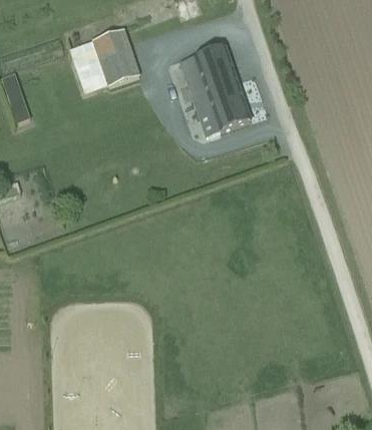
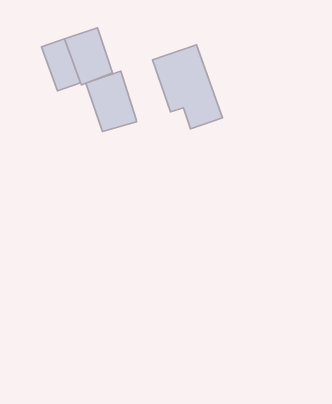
building: none -> [86,71,137,132]

